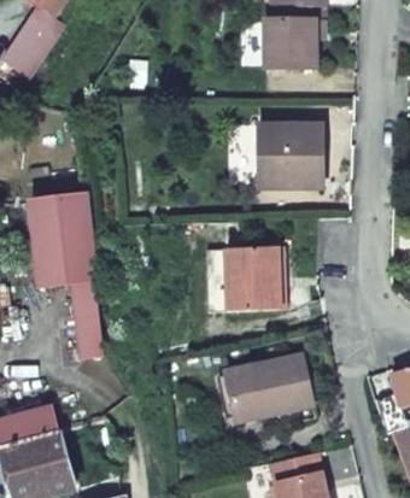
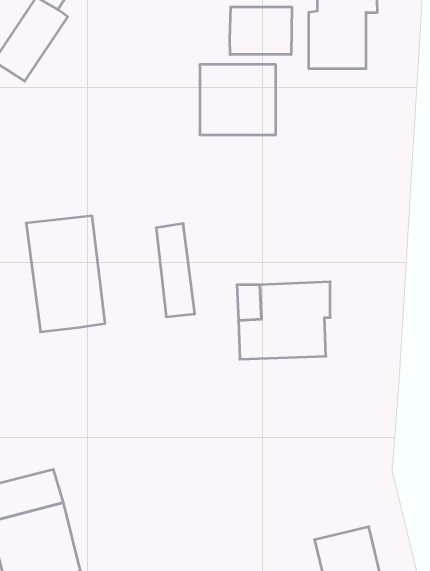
building: none -> [230,7,292,55]
building: [259,123,323,182] -> [200,65,276,135]
building: [72,281,105,359] -> [156,224,195,317]
building: [226,355,314,421] -> none

